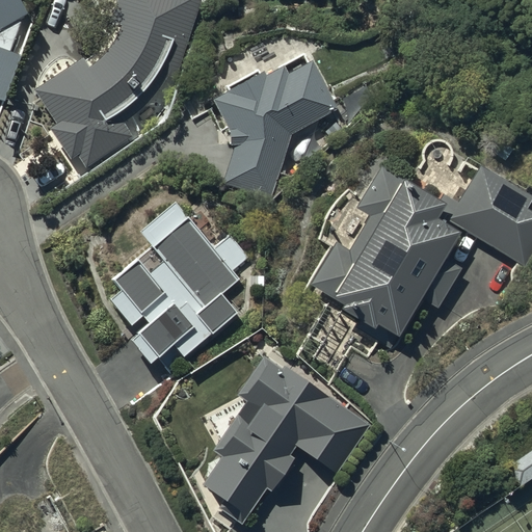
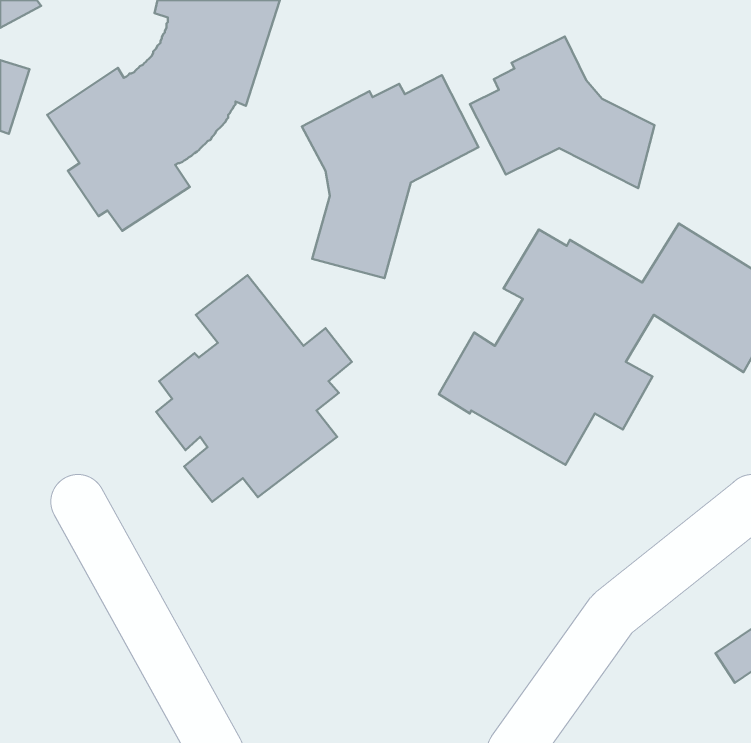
building: none -> [470,36,655,188]
building: [196,354,373,523] -> none

